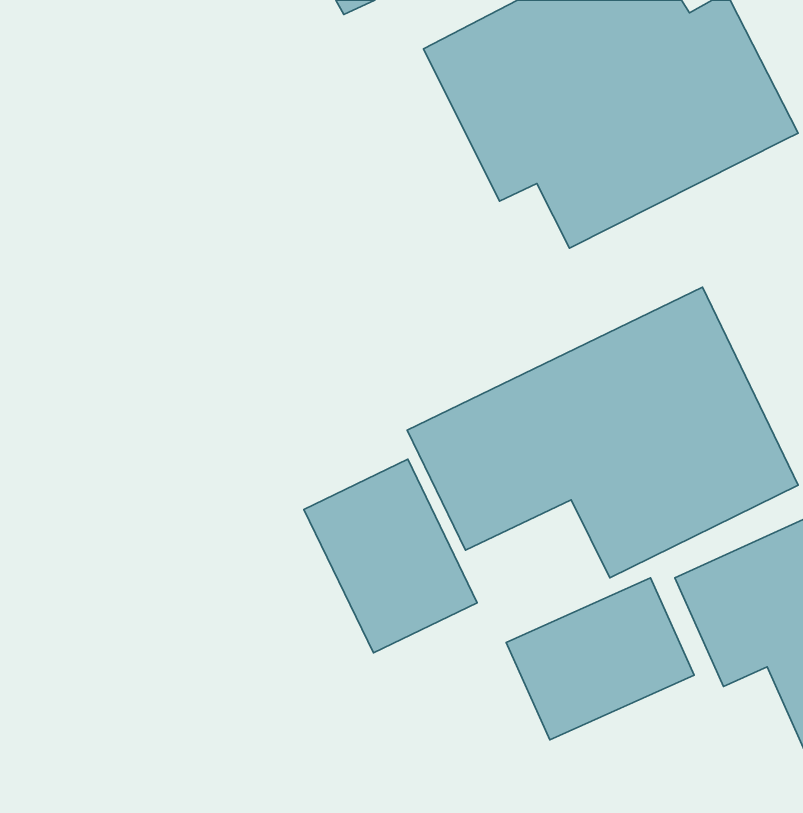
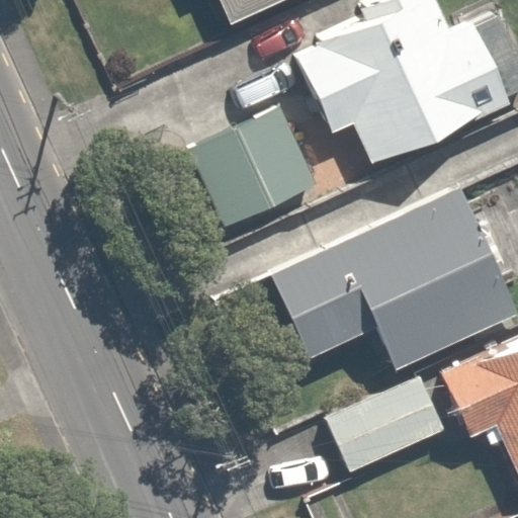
building: none -> [188,103,325,231]
building: [304,459,477,653] -> none

